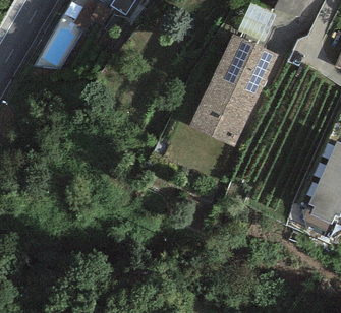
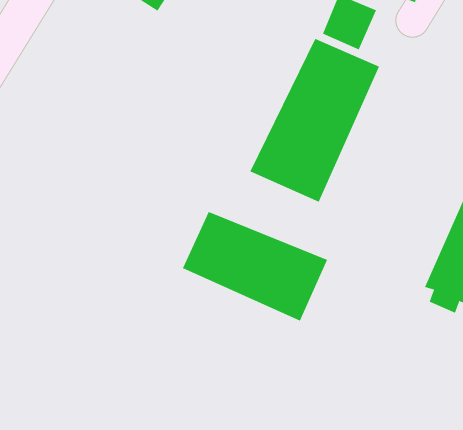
building: none -> [182,211,328,321]

